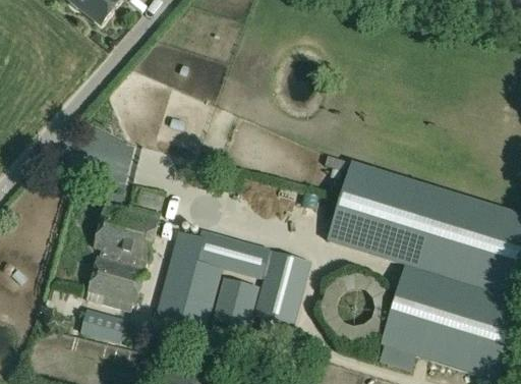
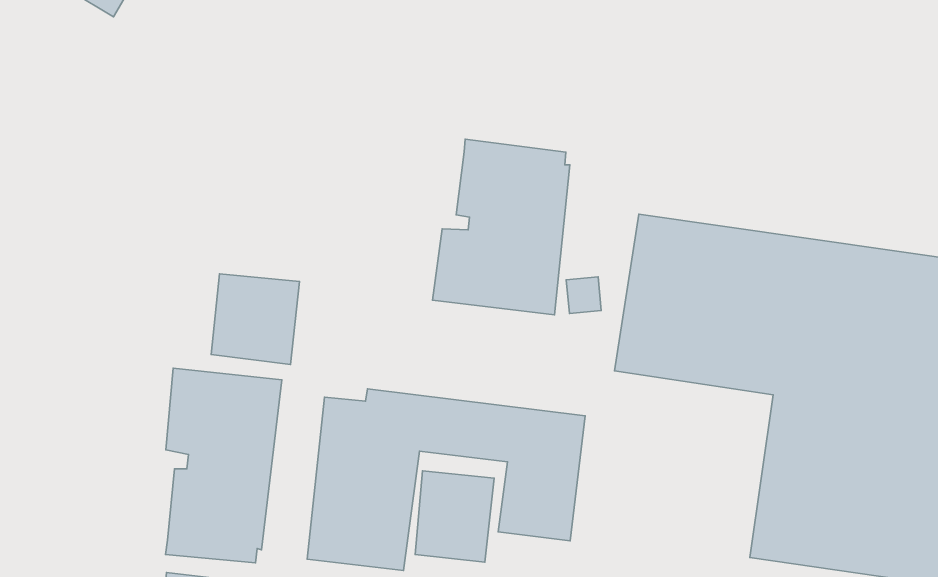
building: none -> [432,139,570,315]
building: none -> [211,274,299,364]

